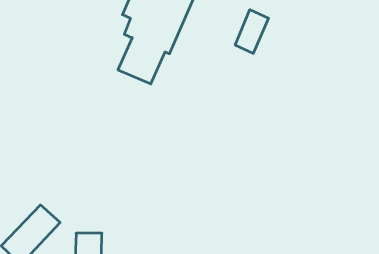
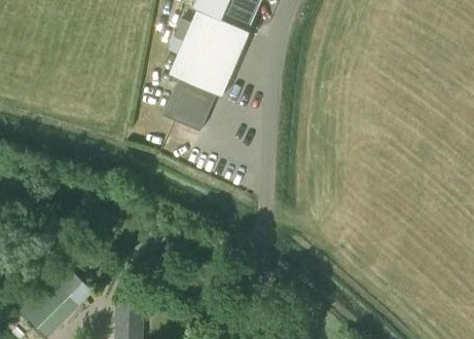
building: [235,10,269,53] -> none

